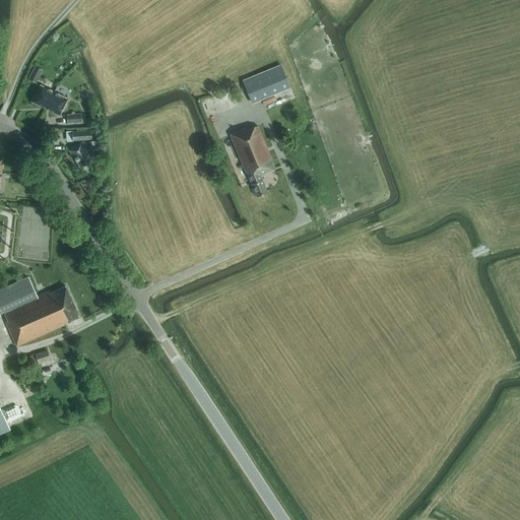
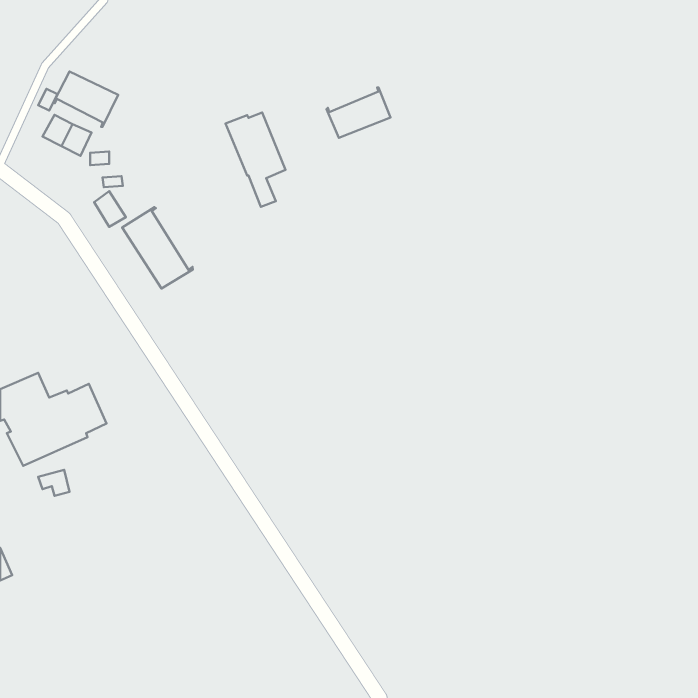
building: none -> [54,71,118,127]
building: [231,126,275,196] -> [225,113,285,207]
building: none -> [122,207,193,288]

